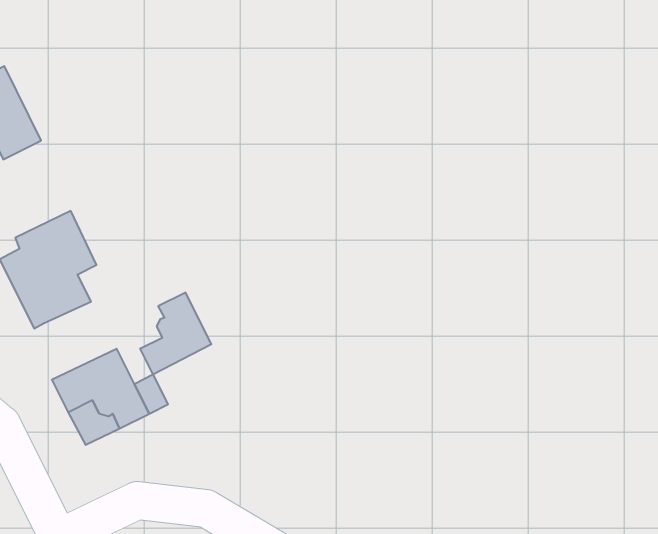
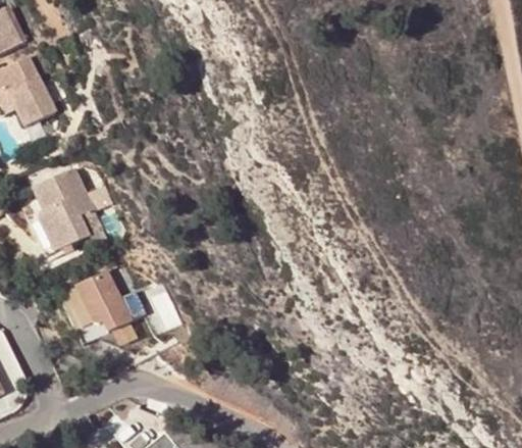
building: [140,292,211,375] -> none

